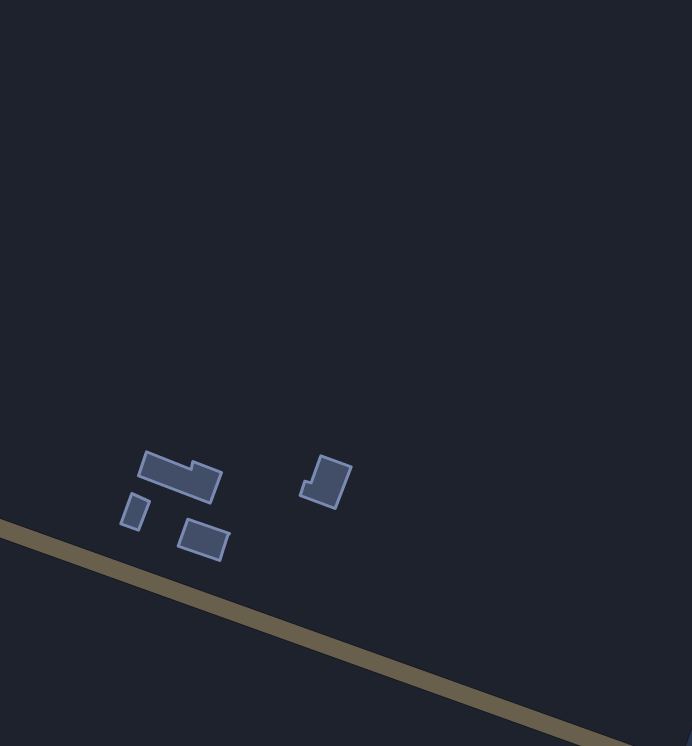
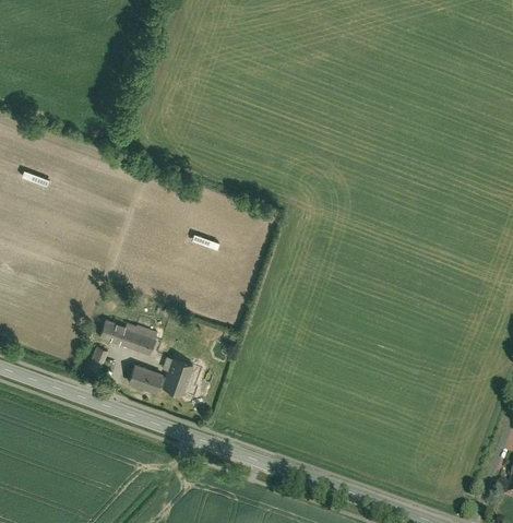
building: [300,456,351,508] -> [157,358,192,394]

